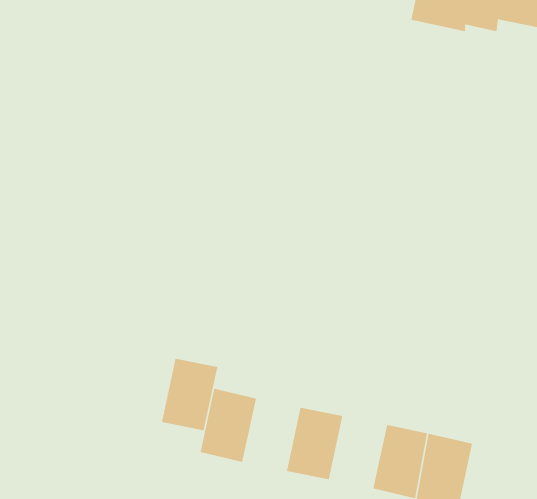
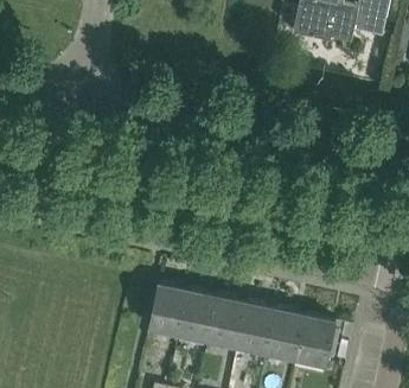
building: [161,358,218,431] -> [178,291,217,341]
building: none -> [237,303,276,352]

